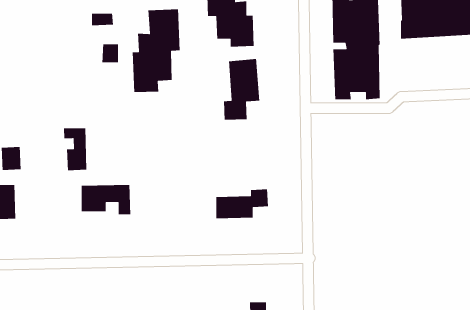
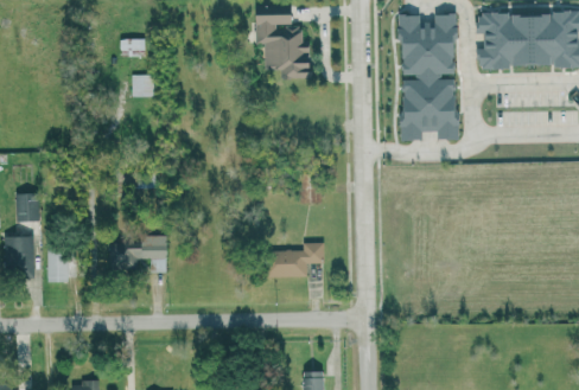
building: [132,9,180,93] -> none
building: [223,58,260,121] -> none
building: [63,127,87,171] -> none
building: none -> [47,250,68,283]

